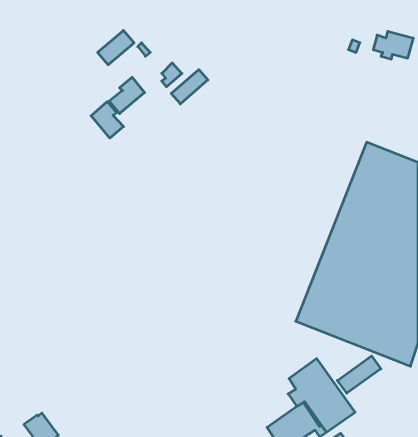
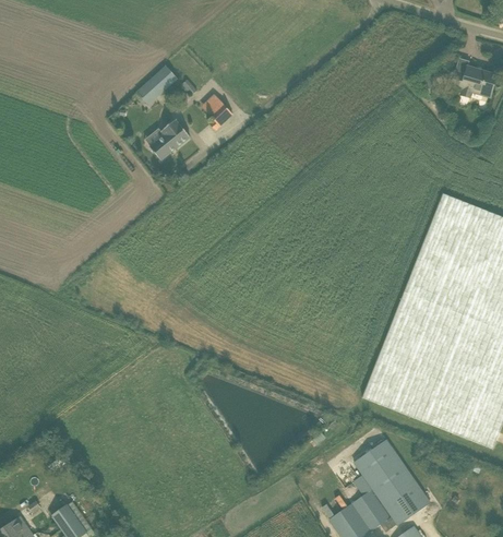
building: [171,70,208,104] -> none
building: [91,102,124,138] -> none
building: [337,356,381,393] -> none

